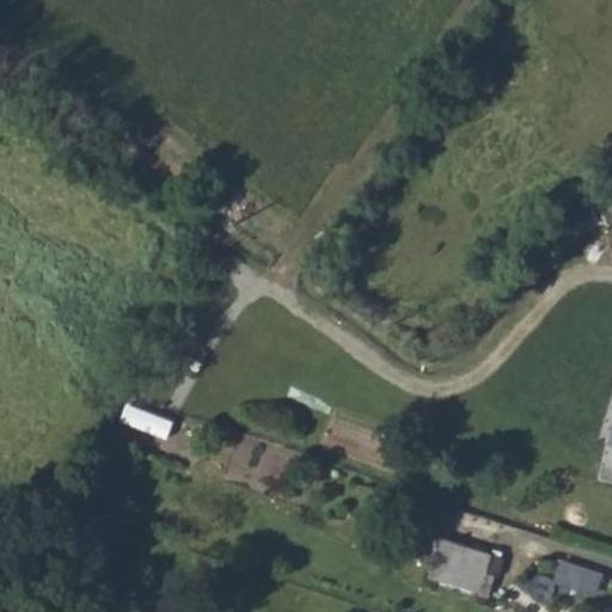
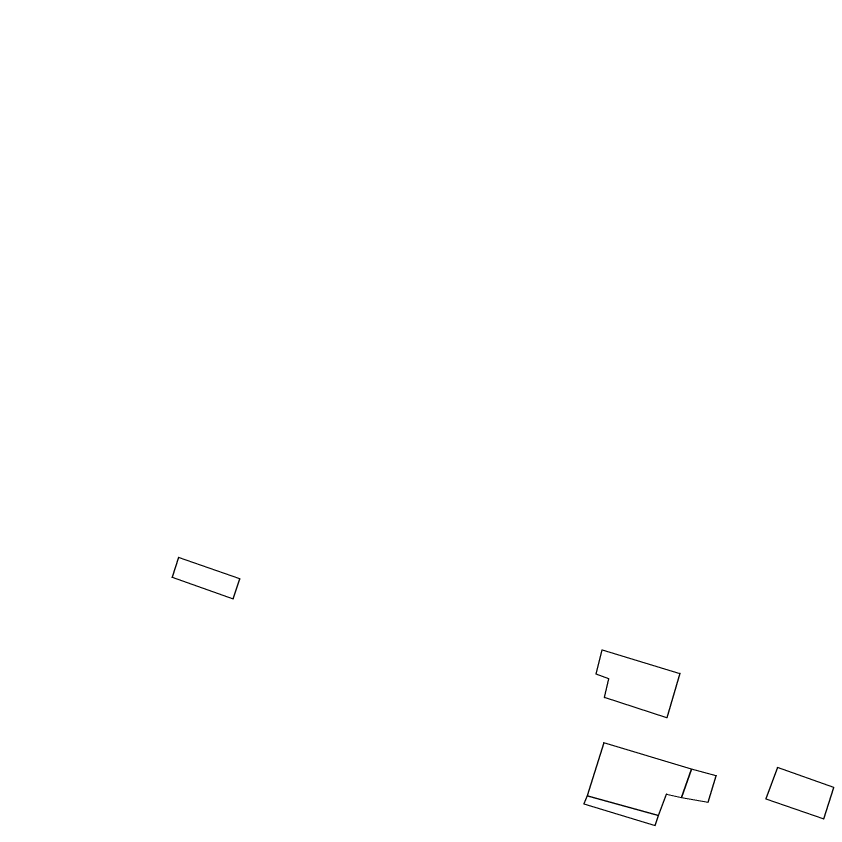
building: none -> [596,650,680,718]

